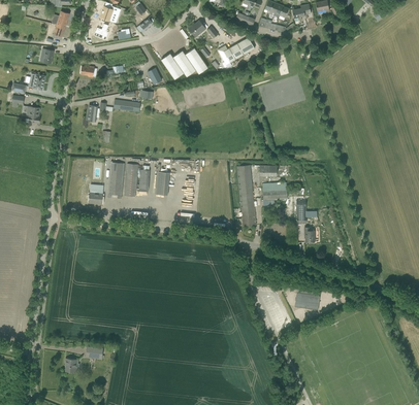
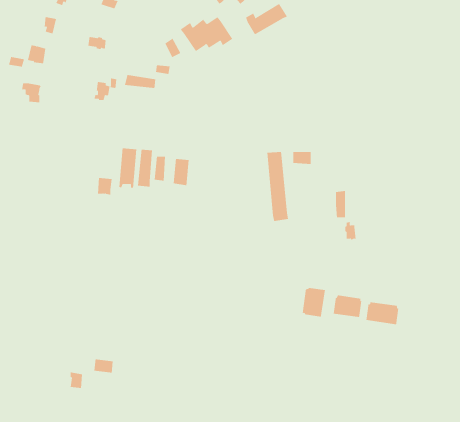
building: [262,182,287,200] -> none
building: none -> [302,287,325,317]
building: none -> [366,301,399,325]

